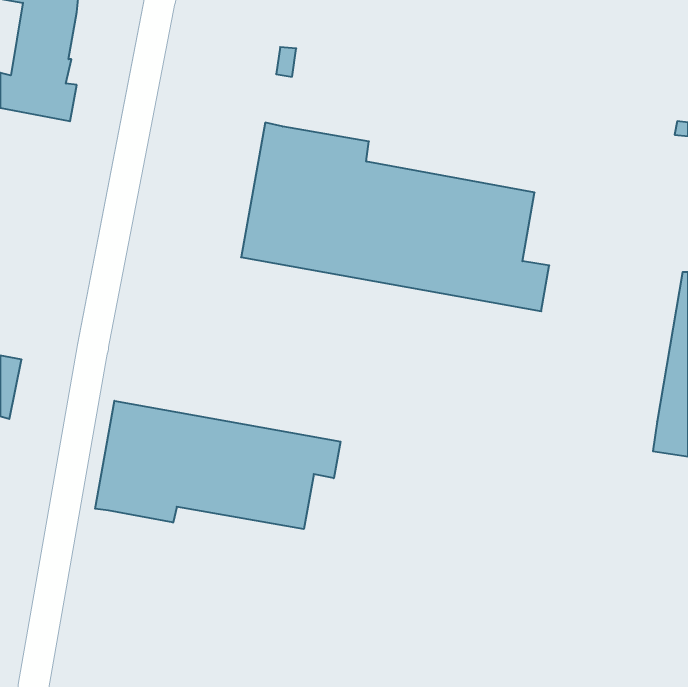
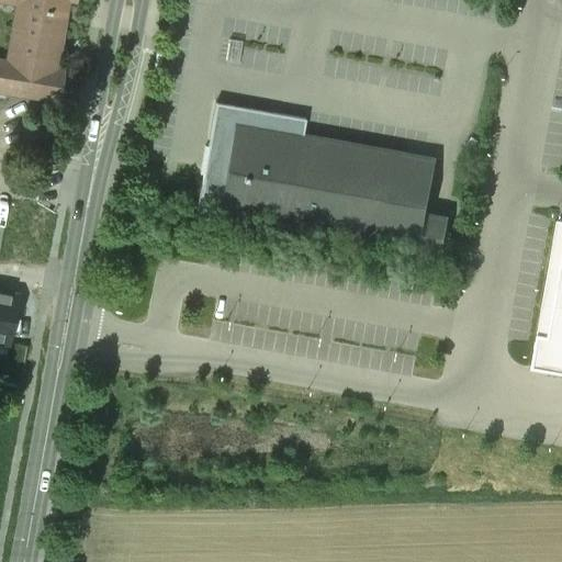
building: [95,401,341,529] -> none

